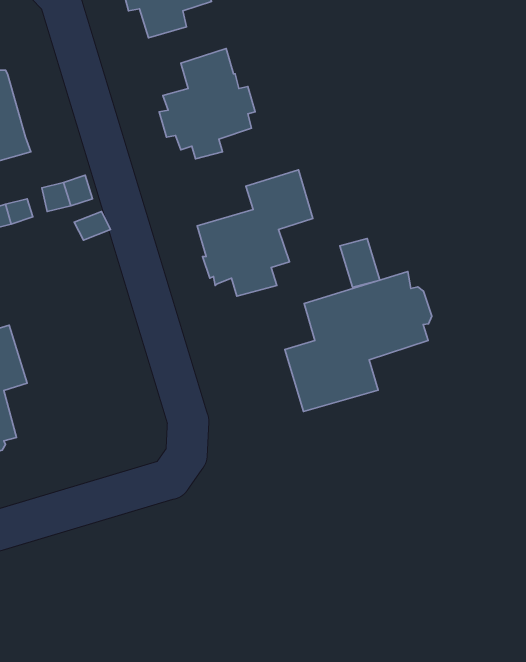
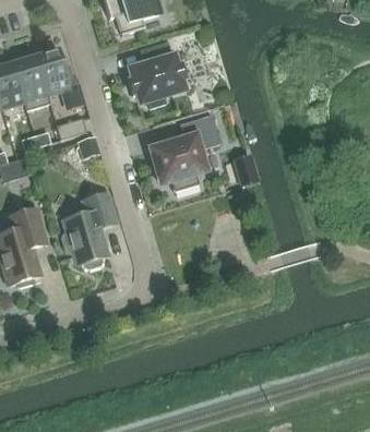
building: none -> [37,47,74,94]
building: [285,271,432,411] -> none
building: none -> [63,192,118,267]

